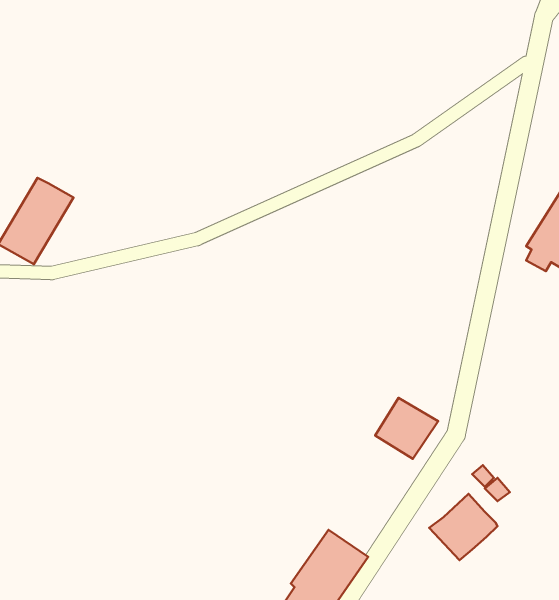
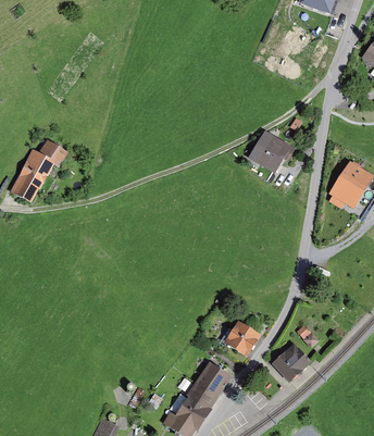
building: none -> [248,129,291,173]
building: none -> [39,139,68,166]
building: [375,398,438,459] -> [223,321,261,358]

